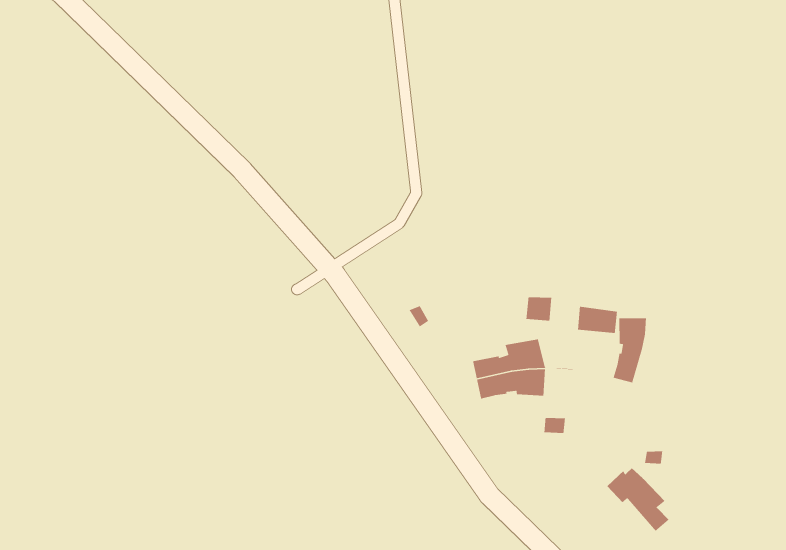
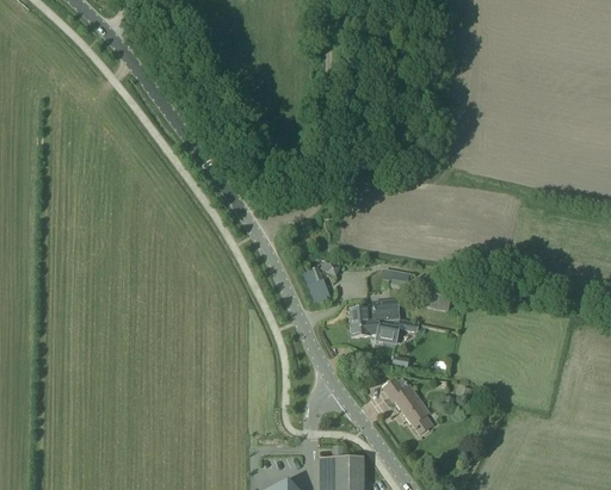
building: [612,318,647,383] -> none
building: [606,467,669,532] -> [383,377,424,423]

